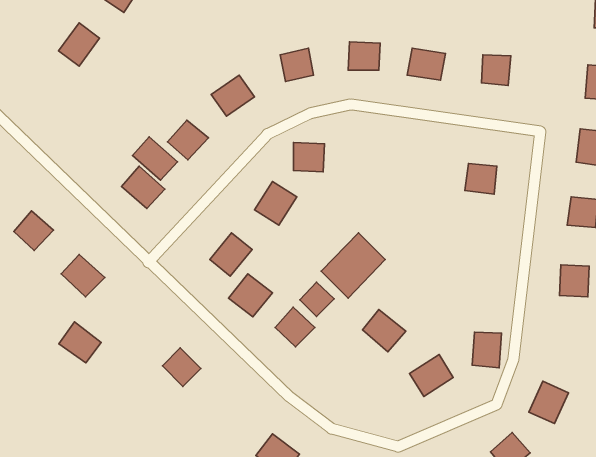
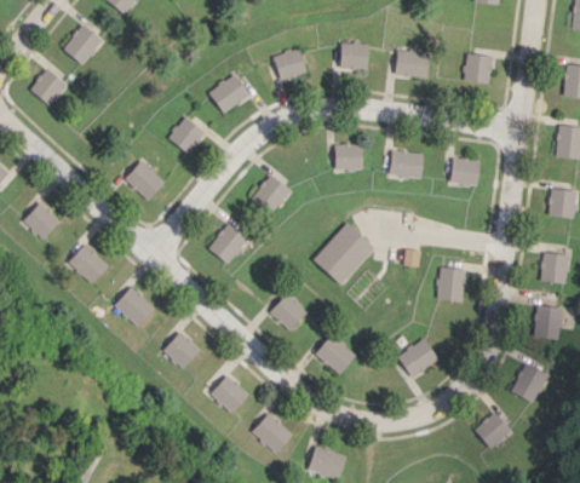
building: none -> [30,68,68,105]
building: [132,137,177,180] -> none
building: [294,142,324,172] -> [334,143,363,171]
building: none -> [387,149,424,179]
building: [228,274,272,317] -> none
building: [300,282,334,317] -> none
building: [362,309,406,352] -> [315,334,356,374]
building: none -> [533,305,561,339]
building: [59,322,101,363] -> [115,287,155,326]
building: [472,332,502,368] -> [437,268,465,301]
building: none -> [211,375,248,413]

